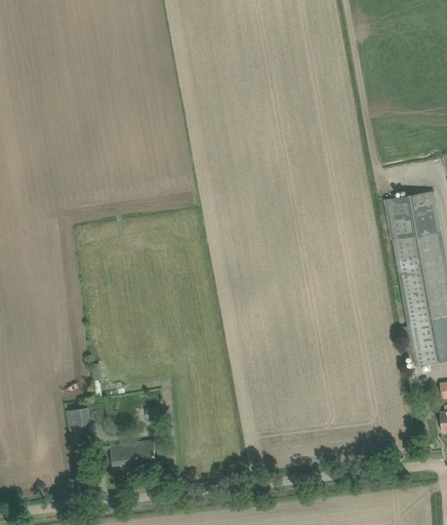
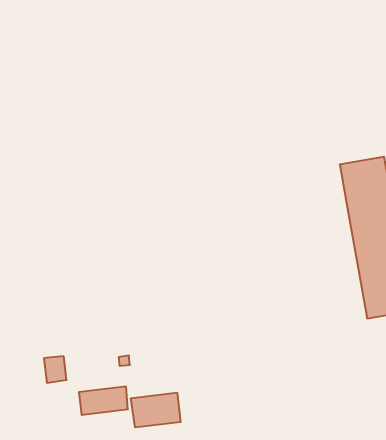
building: none -> [131,393,181,427]

